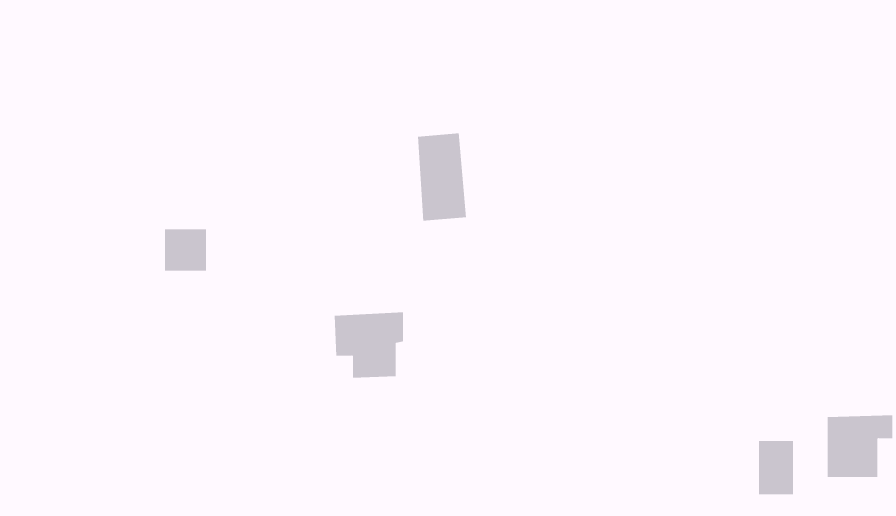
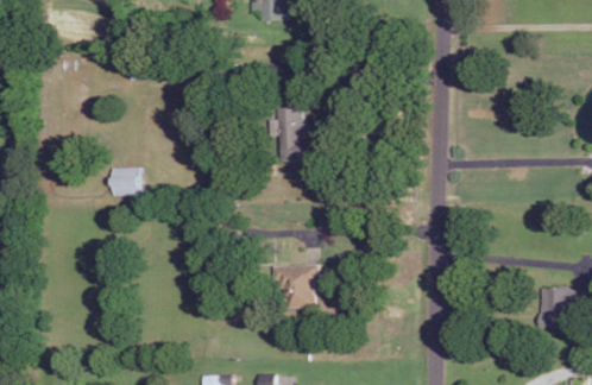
building: [334,312,404,378] -> [273,264,319,307]
building: [758,440,793,495] -> none

